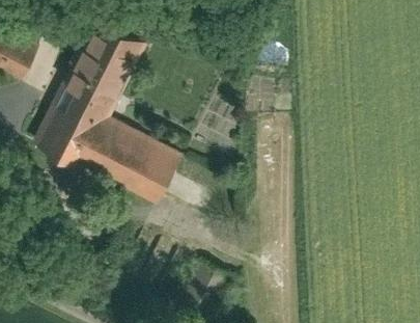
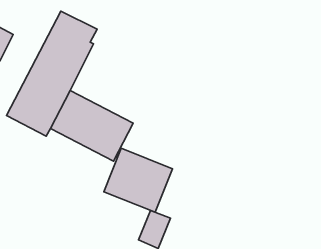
building: none -> [104,148,173,212]

